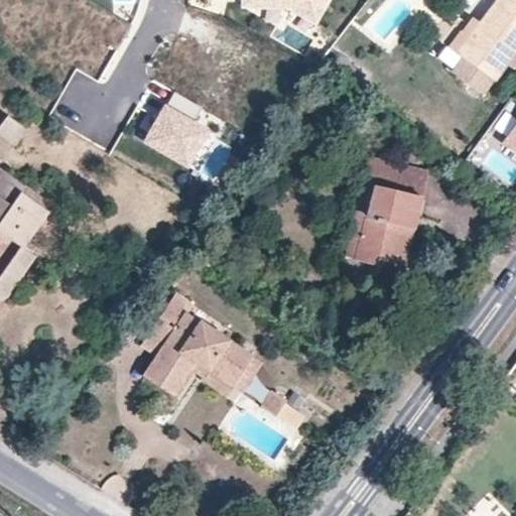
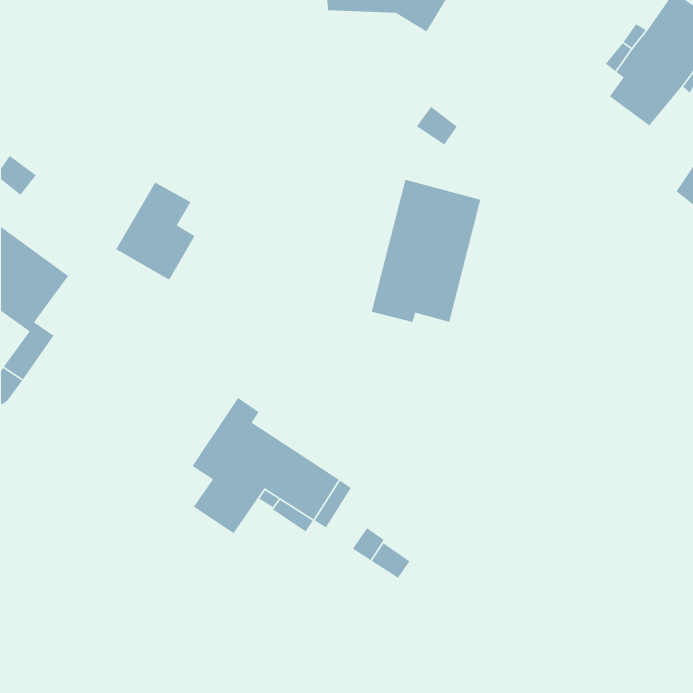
building: [146,91,206,164] -> [115,182,195,281]
building: [346,157,427,264] -> [371,179,481,323]

